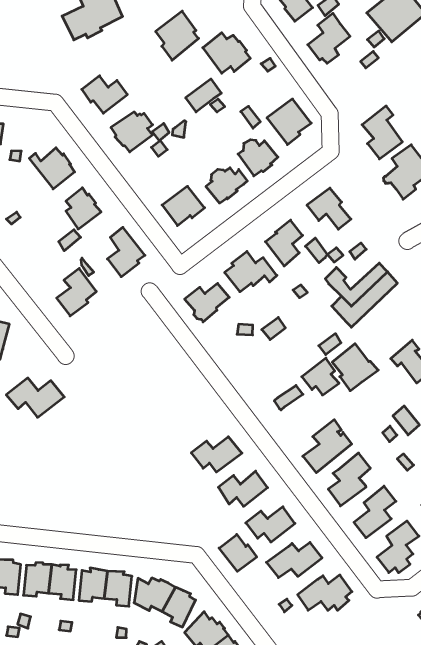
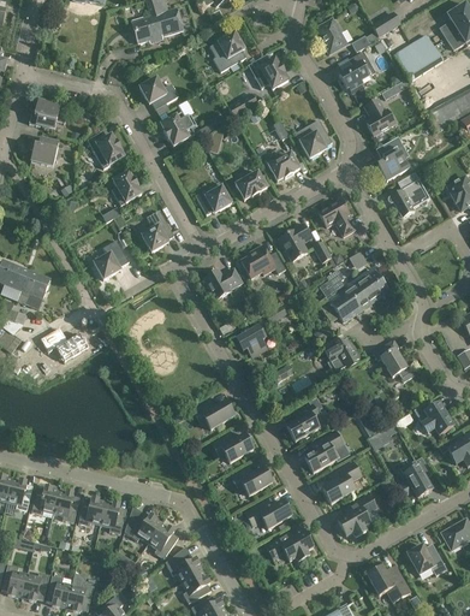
building: none -> [364,99,394,136]
building: [302,358,339,395] -> [236,325,267,356]
building: [219,534,257,571] -> none

